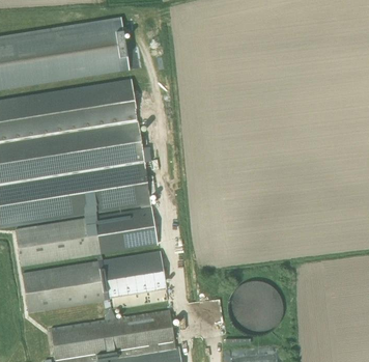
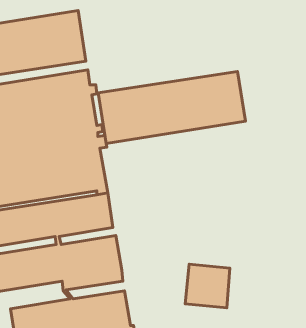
building: none -> [98,72,245,144]

